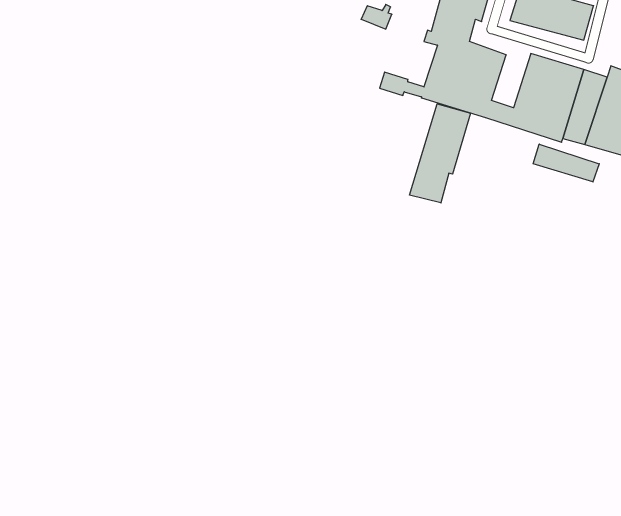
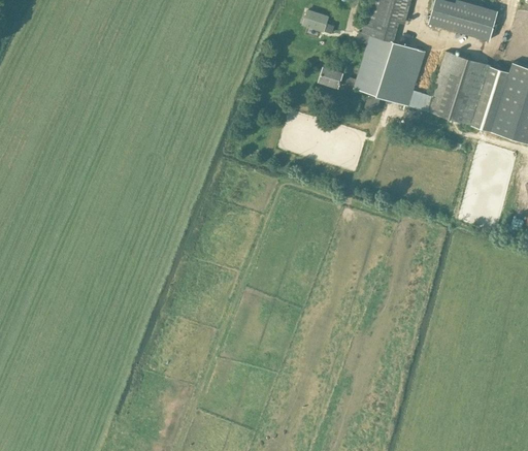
building: [410,104,471,203] -> none
building: [533,144,599,182] -> none

